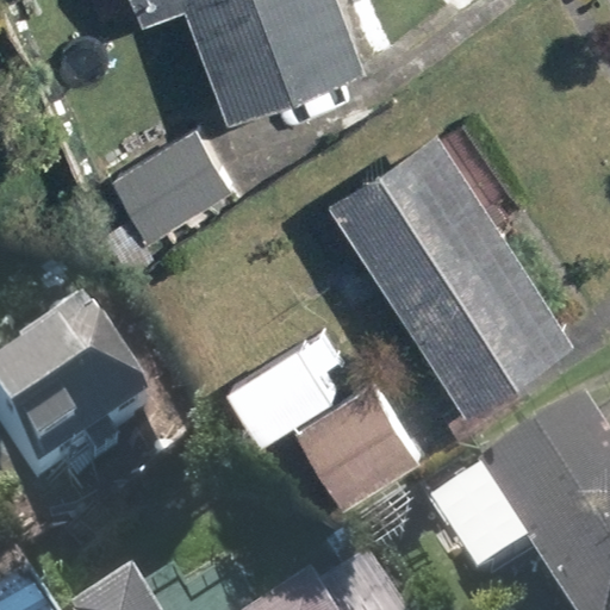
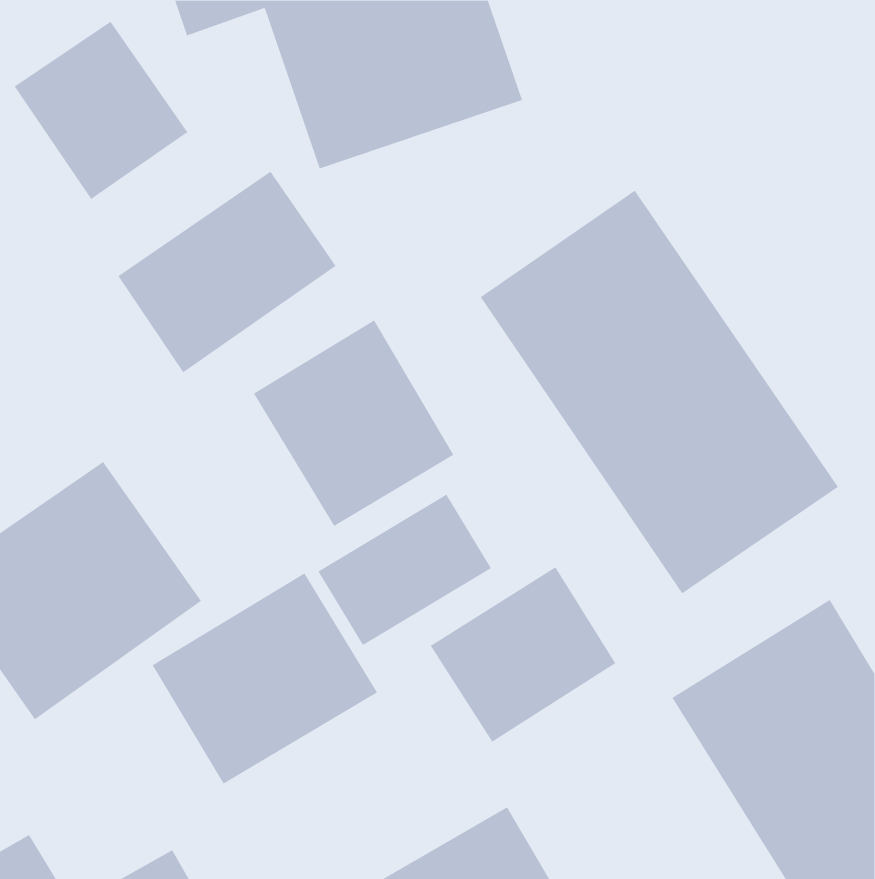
building: none -> [14,21,188,200]
building: none -> [253,320,454,527]
building: none -> [152,572,378,785]

